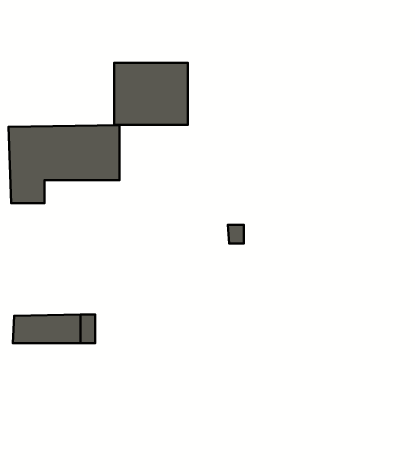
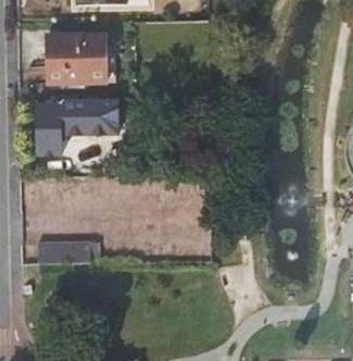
building: [114,63,188,125] -> [49,33,104,79]

